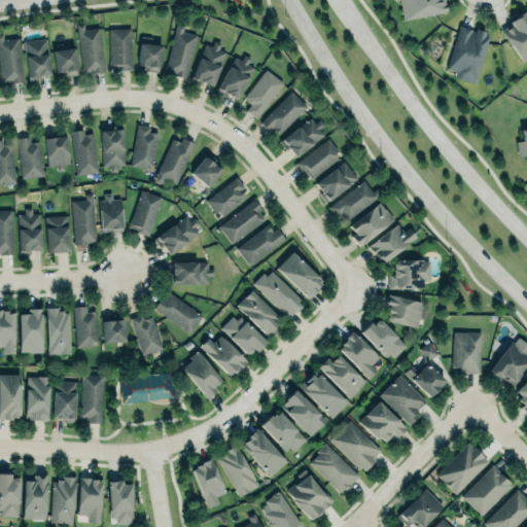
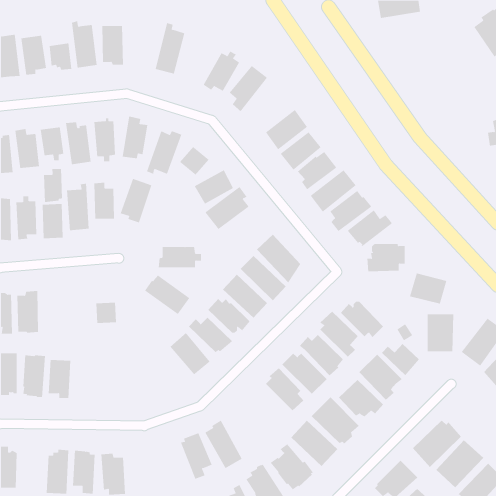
building: [448,26,490,83] -> none
building: [139,43,163,73] -> none
building: [192,43,226,89] -> none
building: [262,93,308,138] -> none
building: none -> [44,168,62,203]
building: [154,217,200,255] -> none
building: [237,225,286,267] -> none
building: [384,296,424,329] -> [409,273,447,304]
building: [74,307,99,348] -> none
building: [47,309,71,356] -> none
building: [133,316,162,356] -> none
building: [80,375,105,424] -> none
building: [120,377,168,403] -> none
building: [260,412,307,452] -> none
building: [243,428,287,478] -> none
building: [24,477,47,520] -> none

